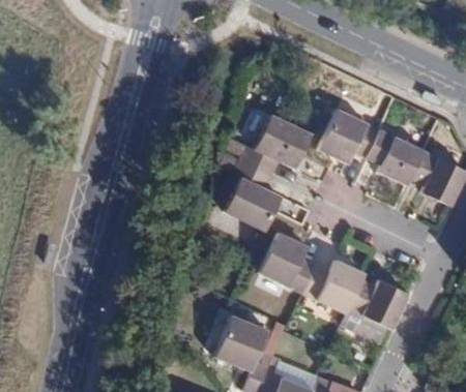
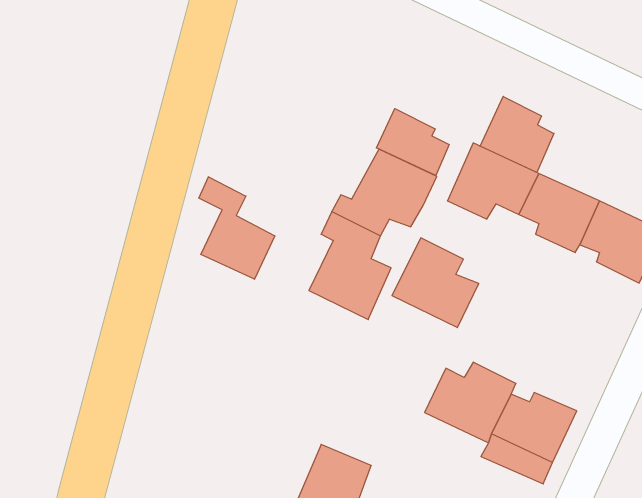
building: none -> [480,96,554,172]
building: none -> [376,109,449,175]
building: none -> [199,177,275,279]
building: [259,232,318,293] -> [392,238,479,328]

